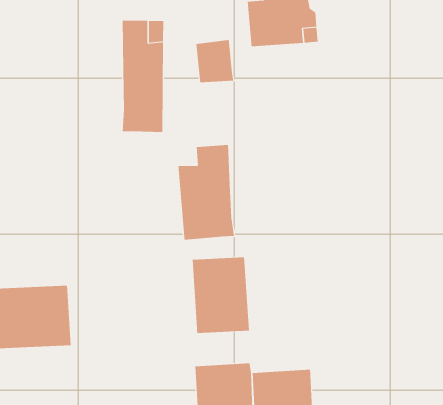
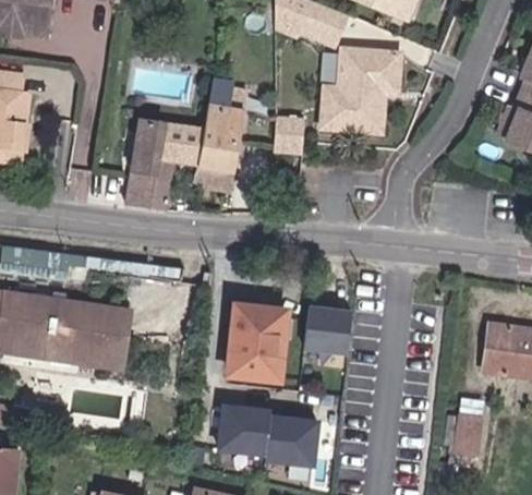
building: none -> [125,118,204,208]
building: [178,144,234,240] -> none
building: none -> [303,301,354,355]

